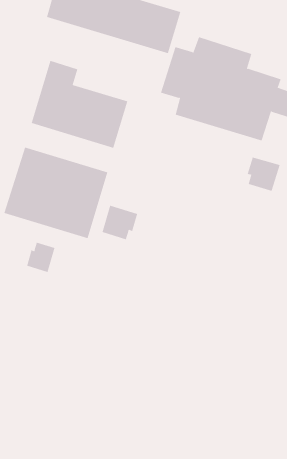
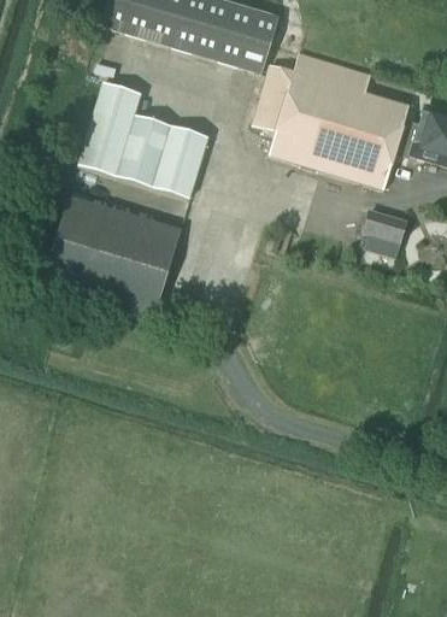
building: [102,205,138,240] -> none
building: [27,242,55,273] -> none

